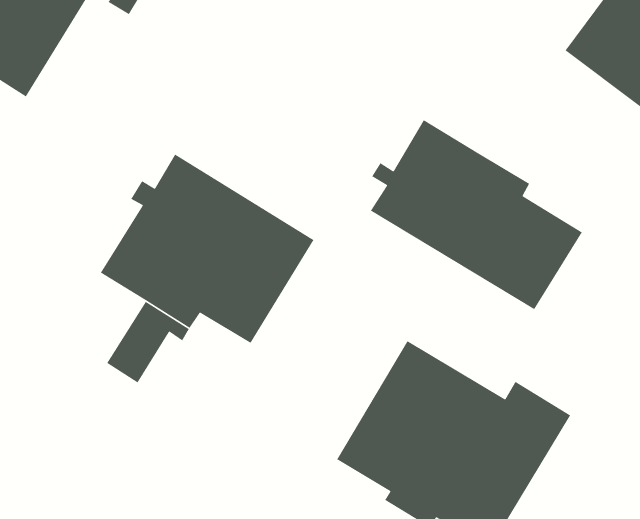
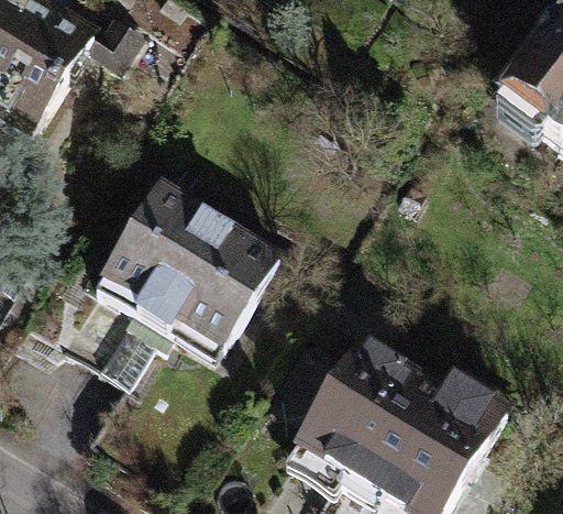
building: [370,119,583,310] -> none

